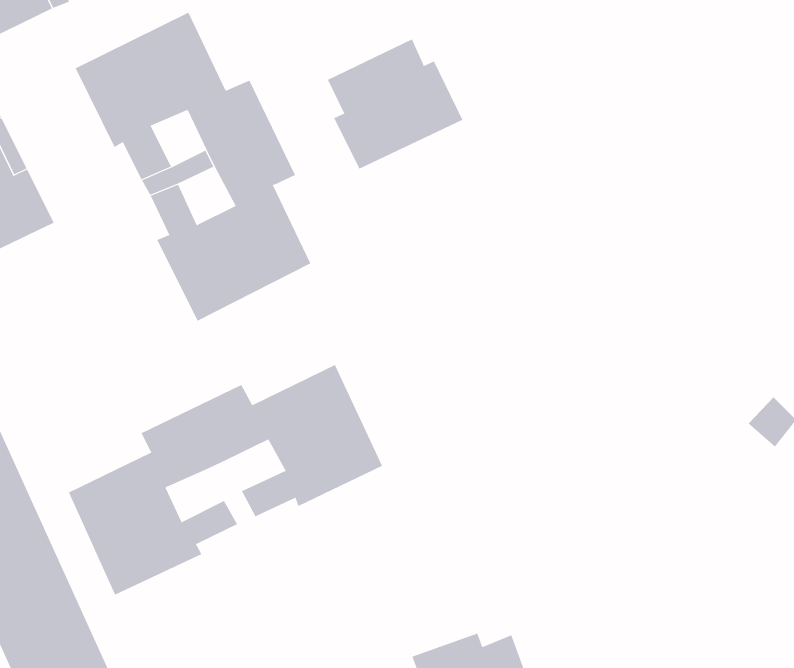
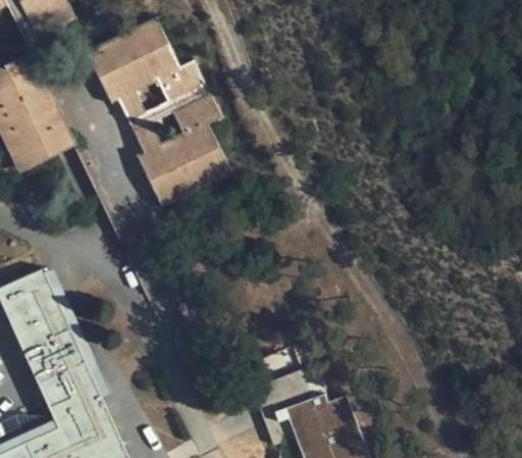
building: [327,38,463,170] -> none
building: [68,364,383,595] -> none

